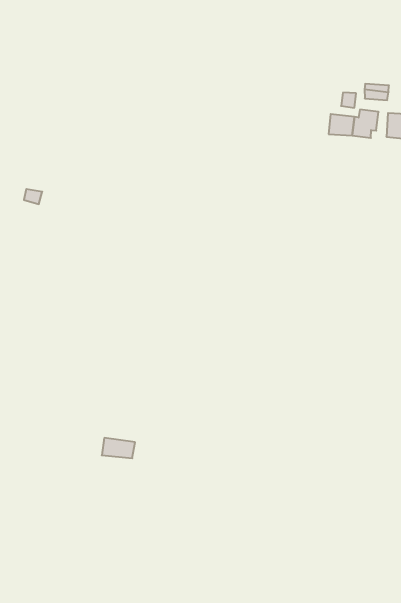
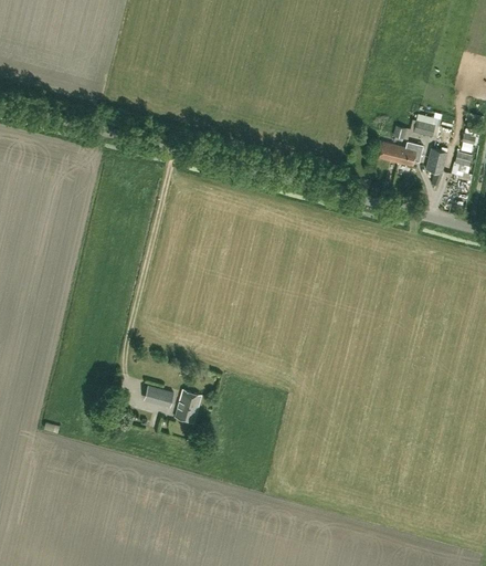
building: none -> [175,389,201,423]

